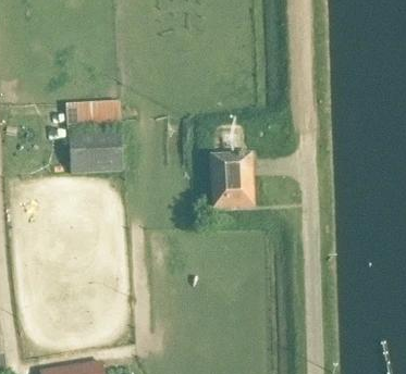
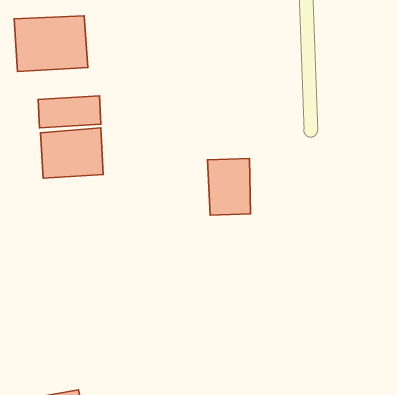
building: none -> [14,16,88,72]

